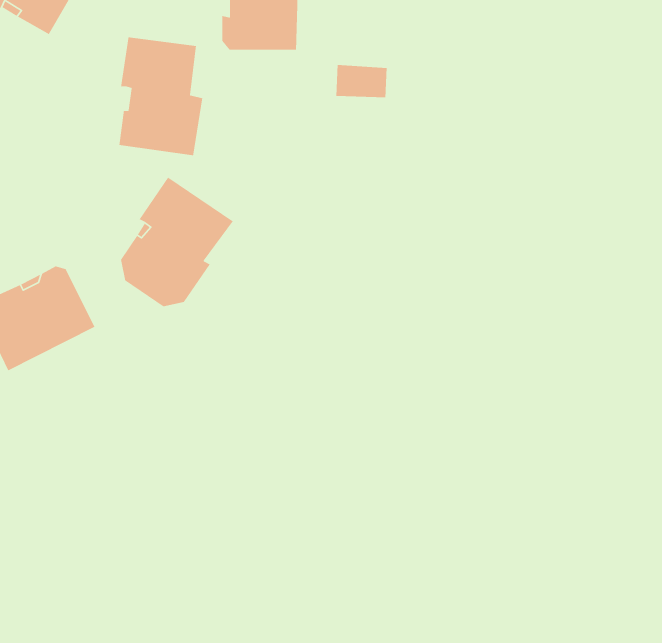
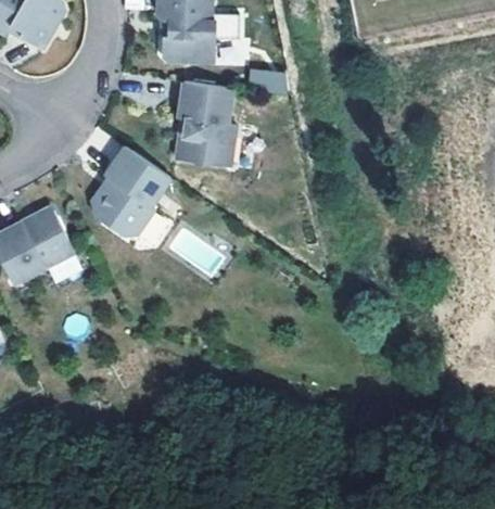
building: [118,36,203,156] -> [177,80,237,165]

